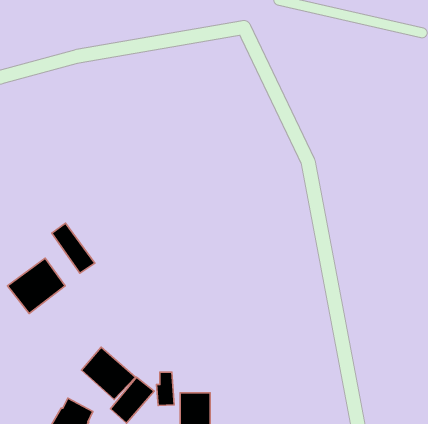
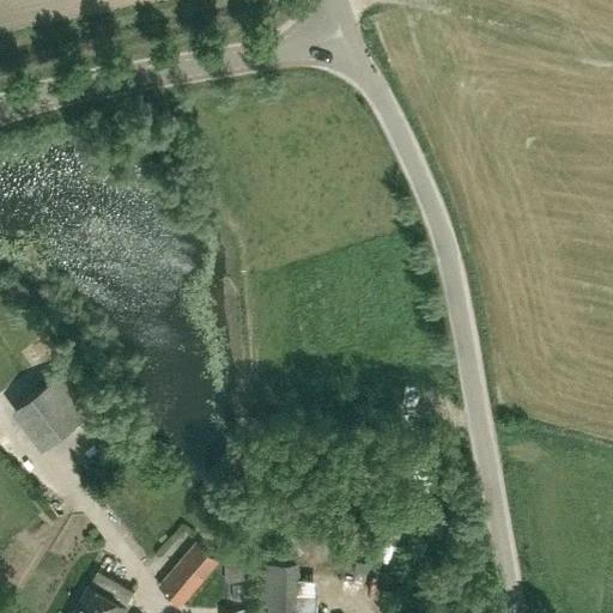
building: [52,223,95,273] -> none
building: [82,347,135,400] -> none

